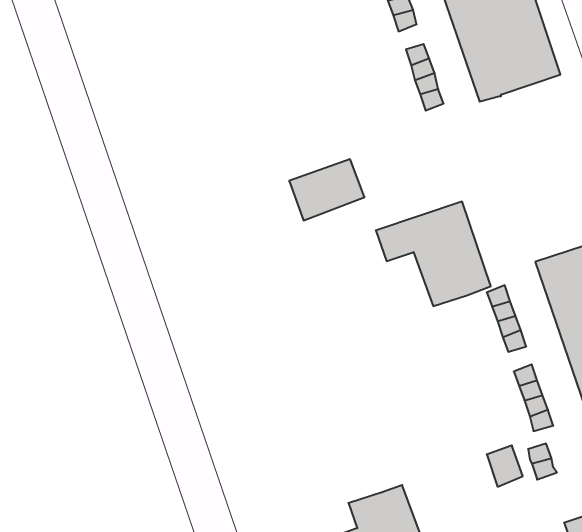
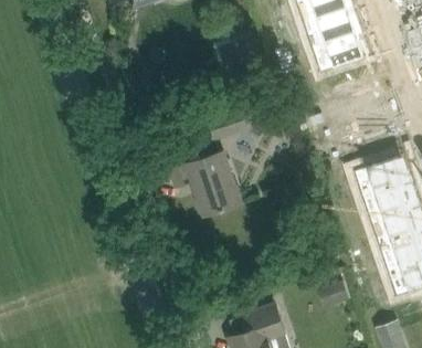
building: [376,202,491,306] -> [168,150,239,214]

